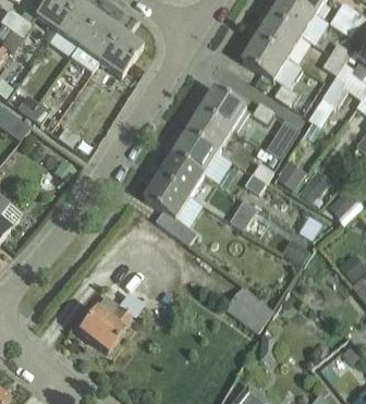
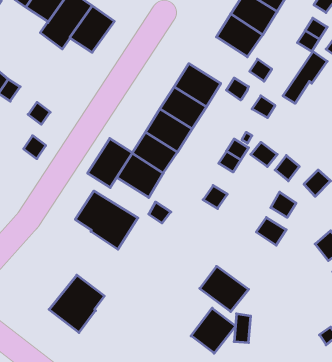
building: none -> [88,138,132,188]
building: none -> [75,191,138,249]
building: none -> [191,308,235,353]

